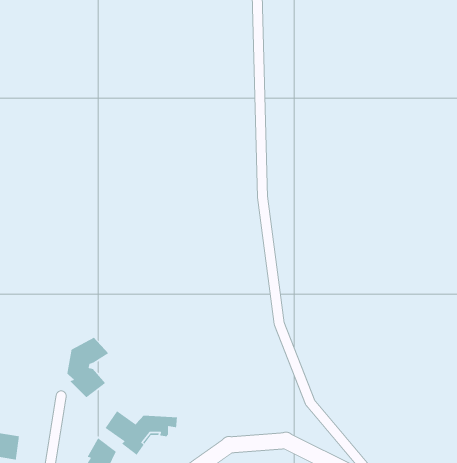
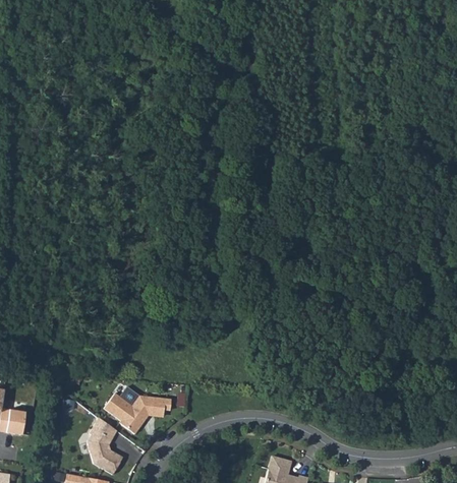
building: [66,337,109,398] -> none

